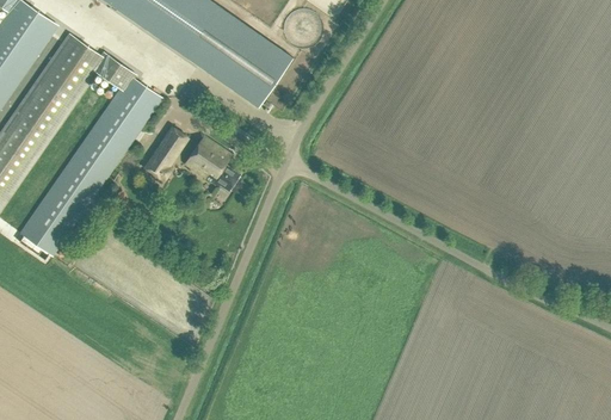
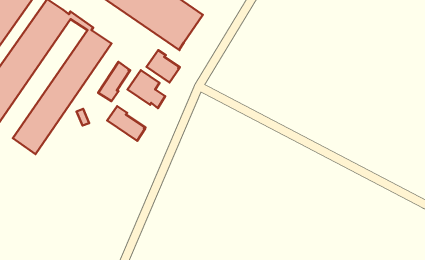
building: none -> [146,50,180,83]
building: none -> [107,106,146,141]

